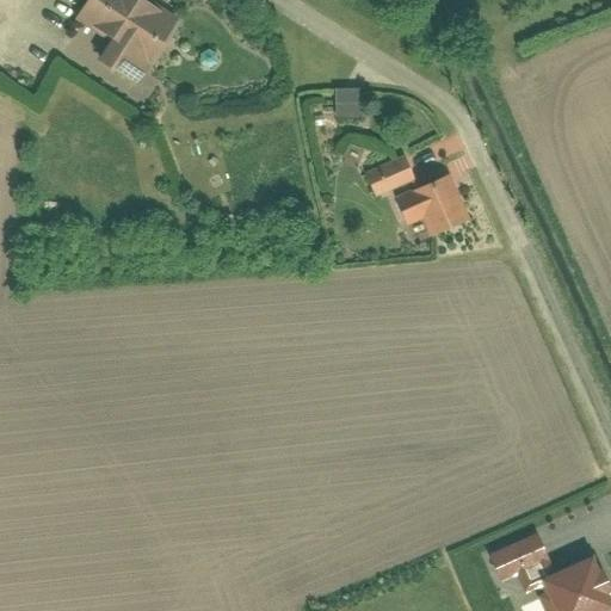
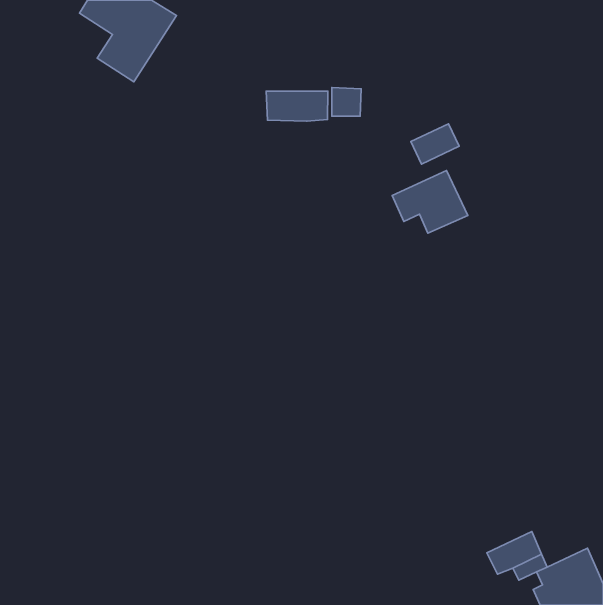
building: none -> [266,91,328,121]
building: [366,154,415,195] -> [411,124,459,164]

